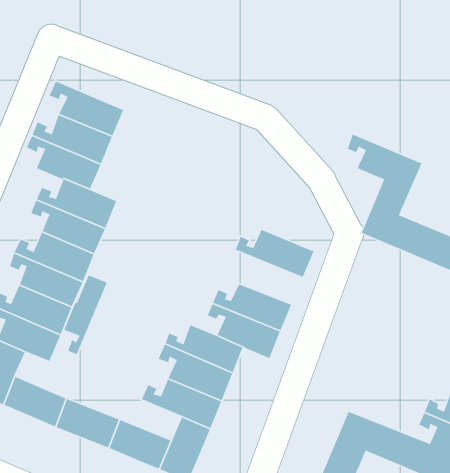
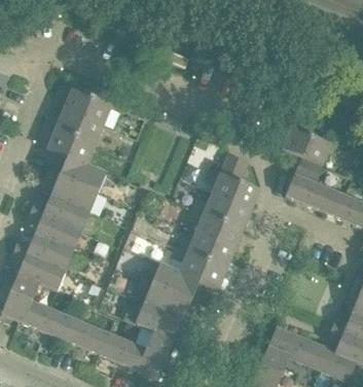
building: none -> [204,153,259,209]
building: none -> [188,208,243,248]
building: [63,274,108,355] -> none

